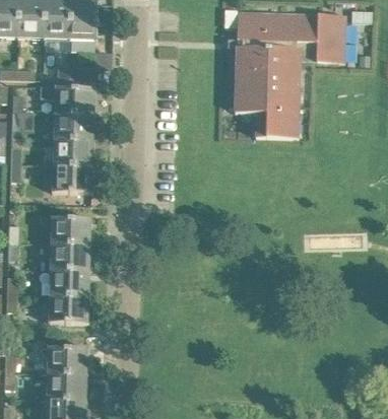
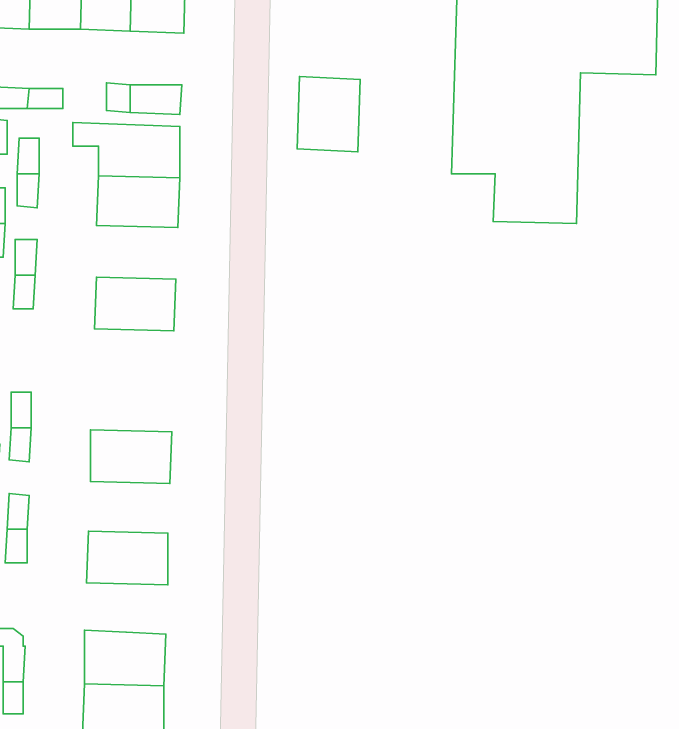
building: none -> [297,77,360,152]
building: [52,139,93,166] -> none
building: [49,217,91,245] -> none
building: [48,270,89,296] -> none

